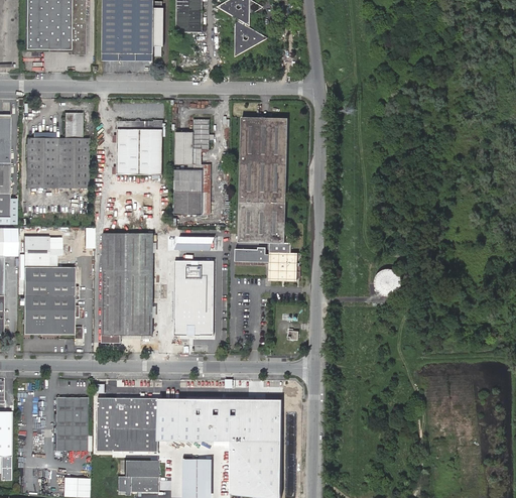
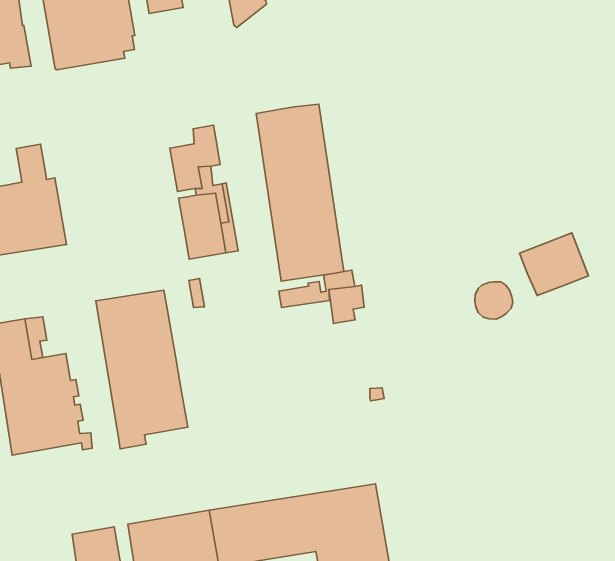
building: [116,120,162,174] -> none
building: none -> [519,233,588,296]
building: [173,260,213,337] -> none

